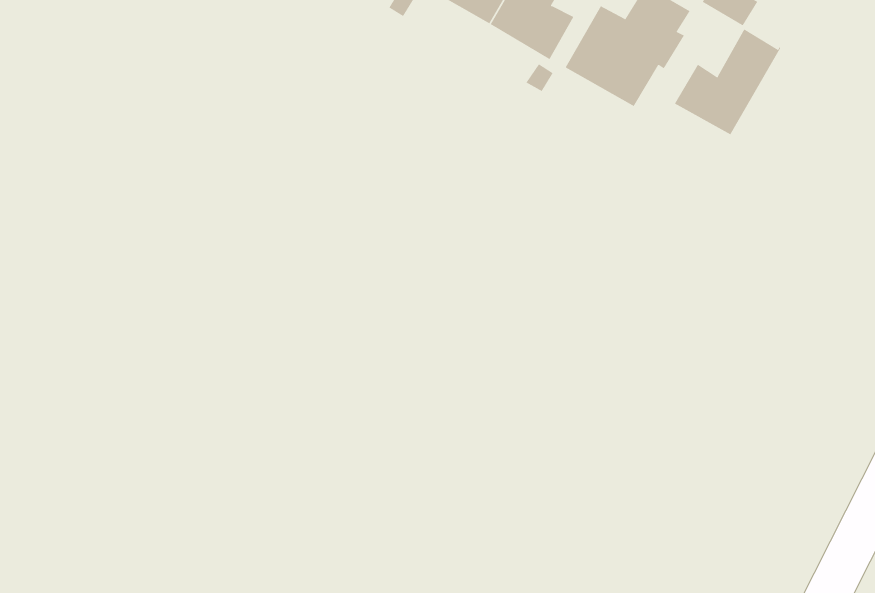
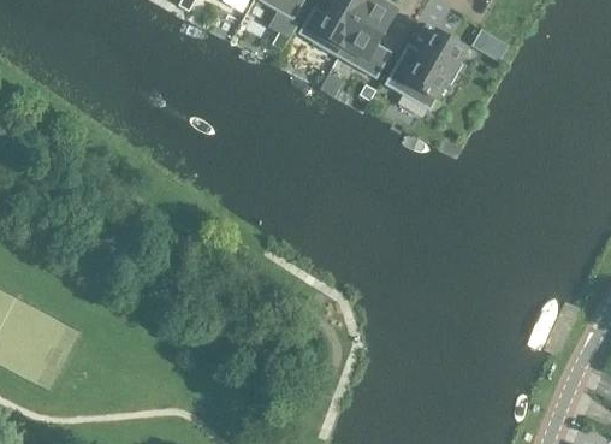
building: [674,29,781,135] -> none

